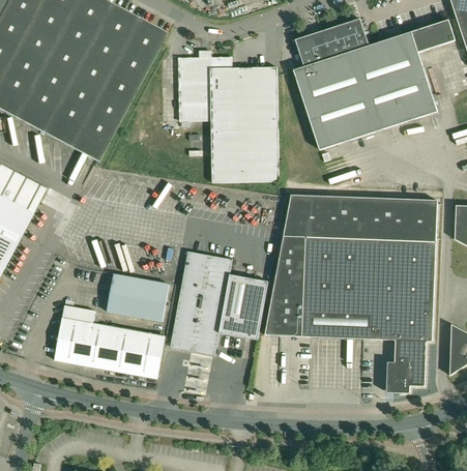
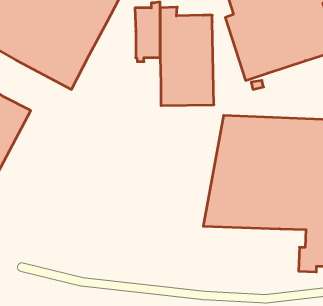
building: [170,251,267,354] -> none
building: [106,272,169,321] -> none
building: [54,304,165,378] -> none

